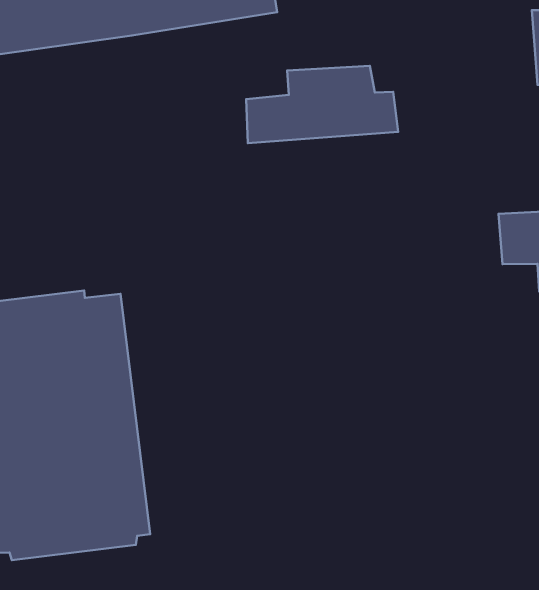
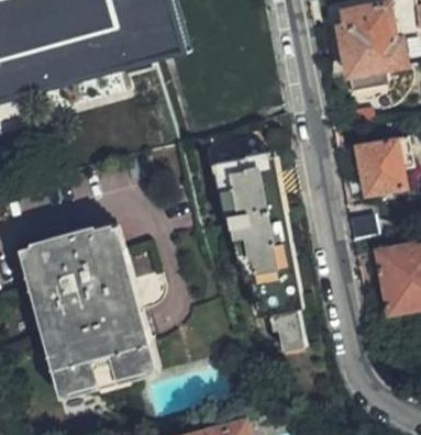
building: [246,66,398,143] -> none
building: none -> [209,148,300,341]

